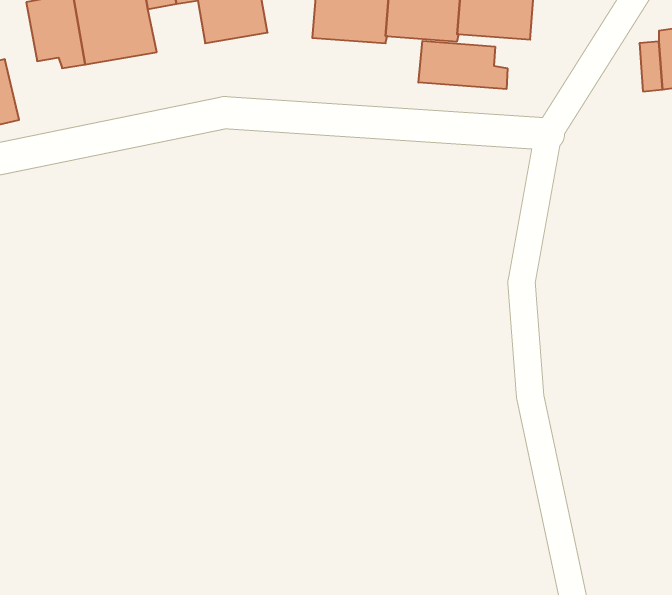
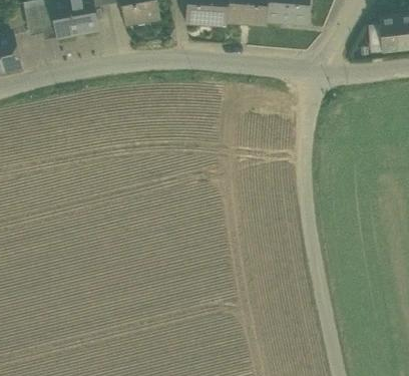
building: [418,41,507,89] -> none

